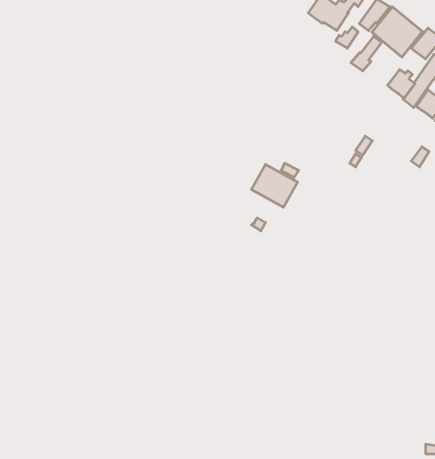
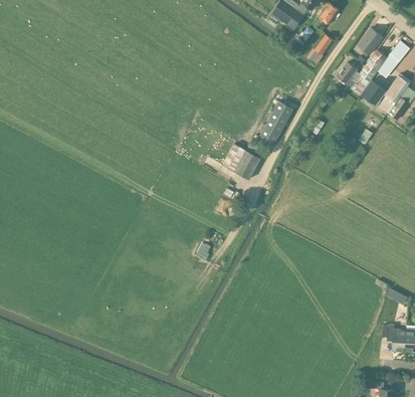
building: [372,7,422,57] -> none
building: none -> [259,101,292,144]

